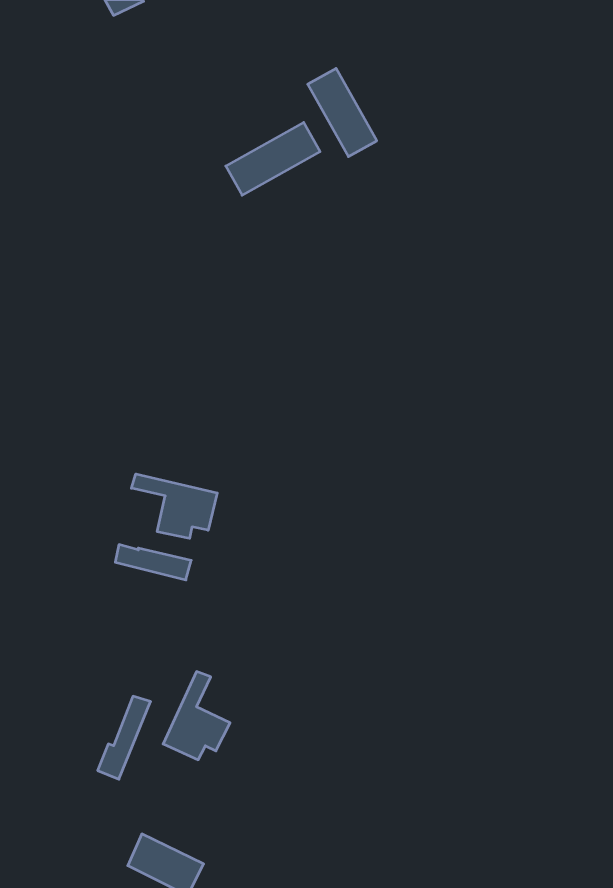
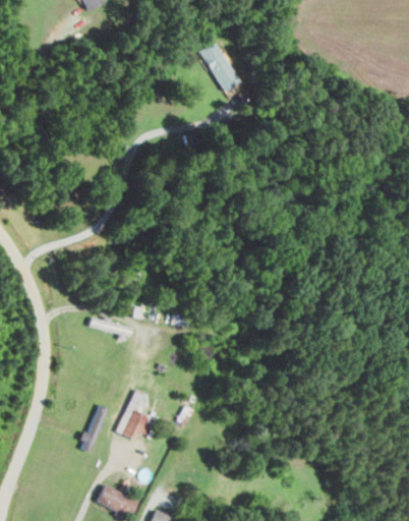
building: [226,122,320,195] -> none
building: [131,474,217,538] -> none

